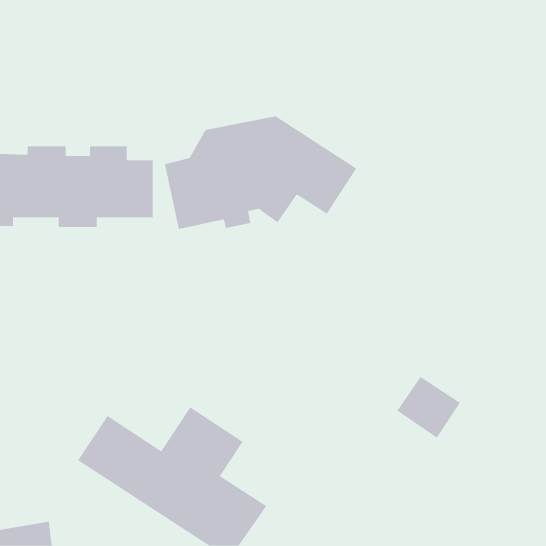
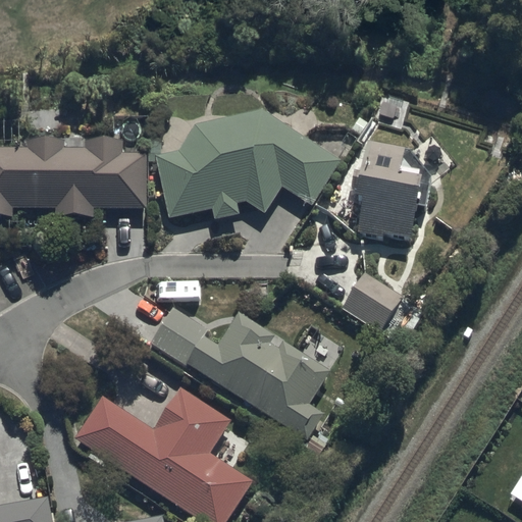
building: none -> [354,142,418,236]
building: none -> [150,306,337,439]
building: [397,376,461,438] -> [341,274,402,333]

